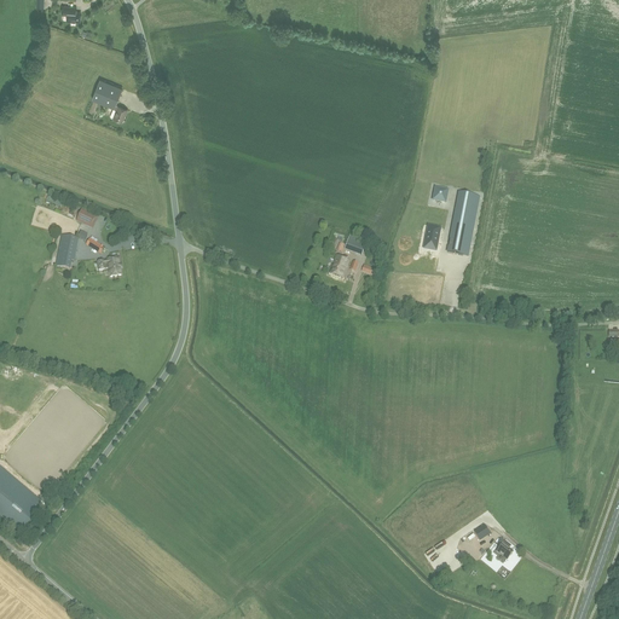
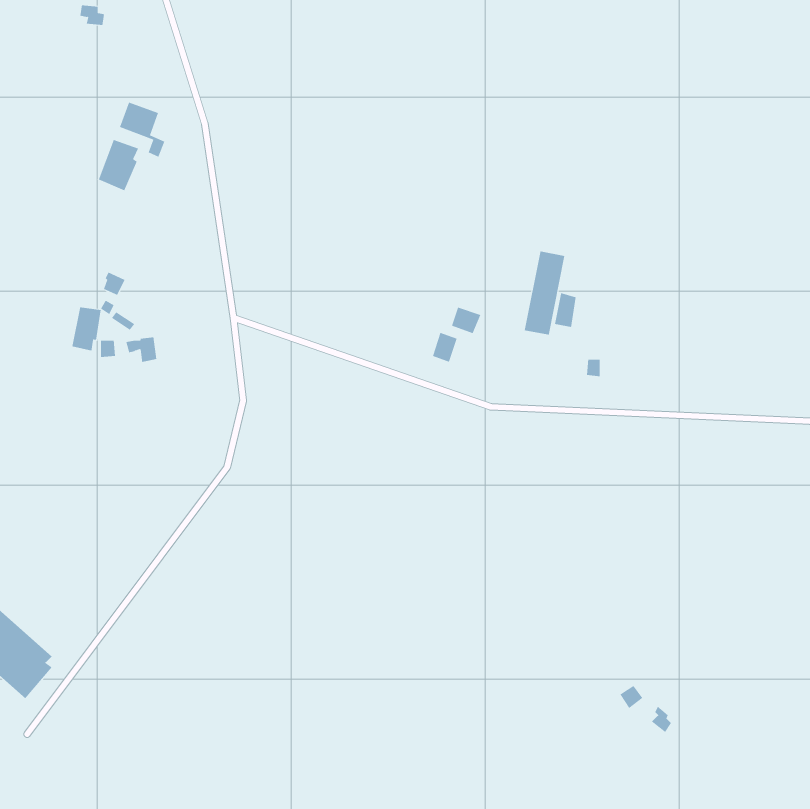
building: none -> [98,139,139,191]
building: [446,190,478,254] -> [524,251,565,335]

